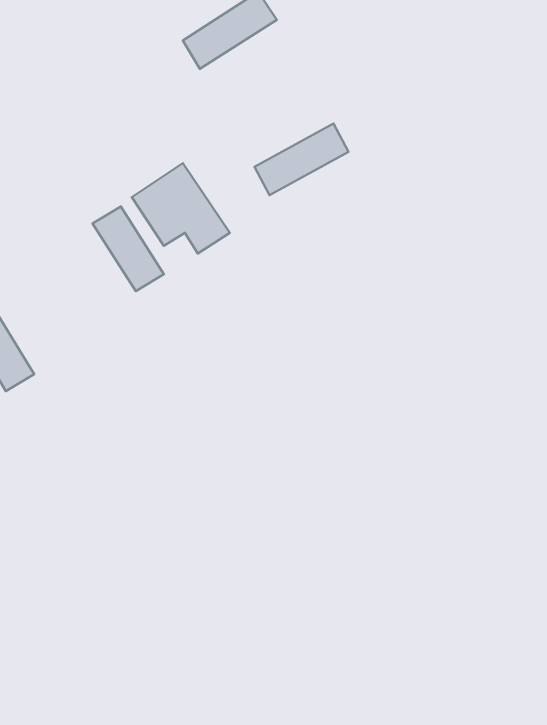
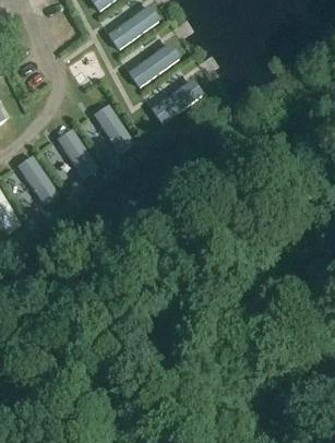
building: none -> [128,41,182,87]
building: none -> [16,155,59,206]

